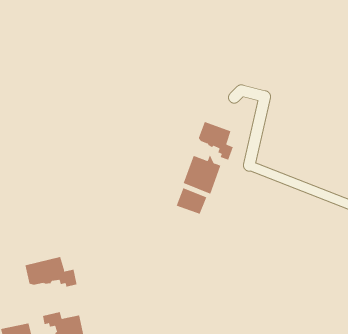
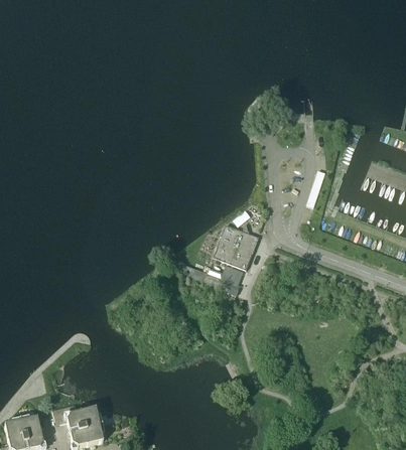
building: [198,121,234,160] -> none
building: [25,256,77,288] -> none

